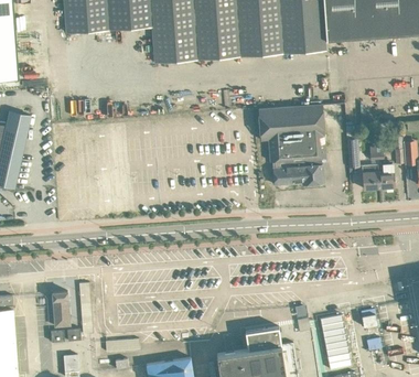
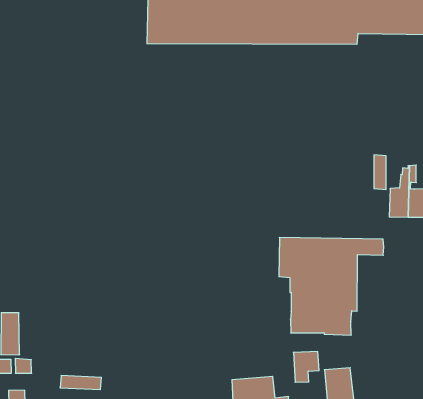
building: [259,104,345,186] -> [279,238,384,335]

